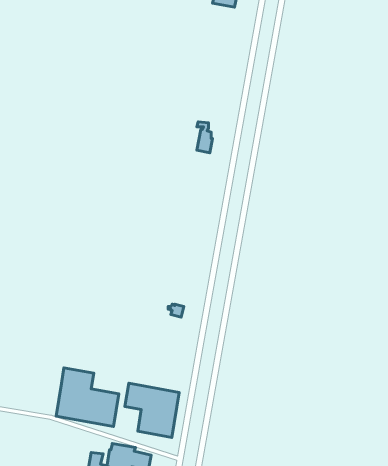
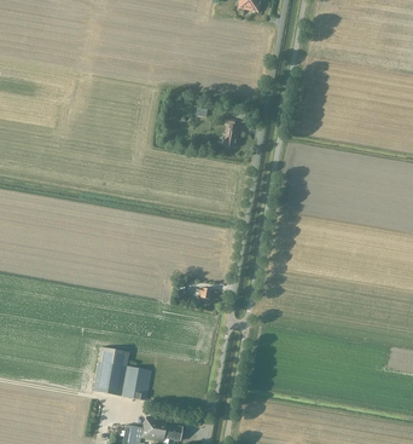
building: [125,383,179,437] -> none

